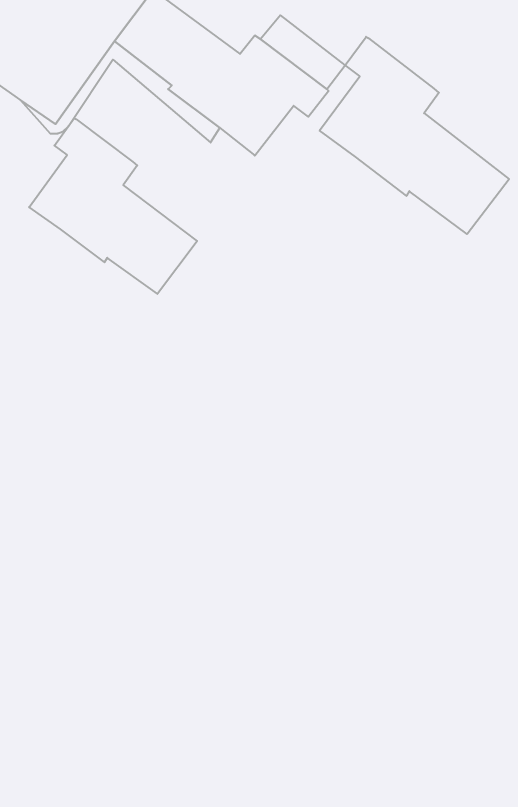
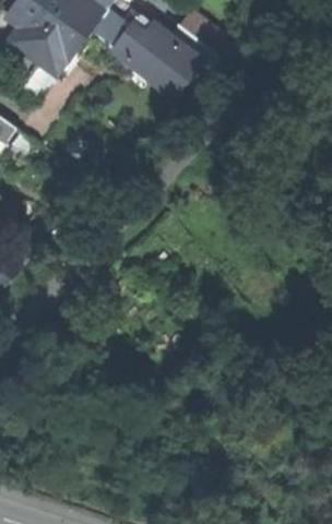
building: [320,37,509,234] -> none
building: [29,118,197,294] -> none

